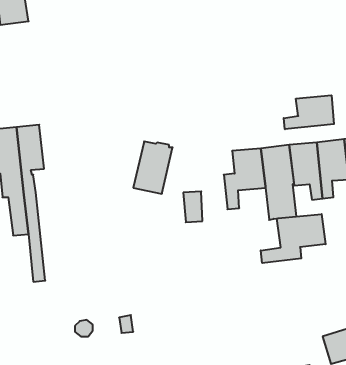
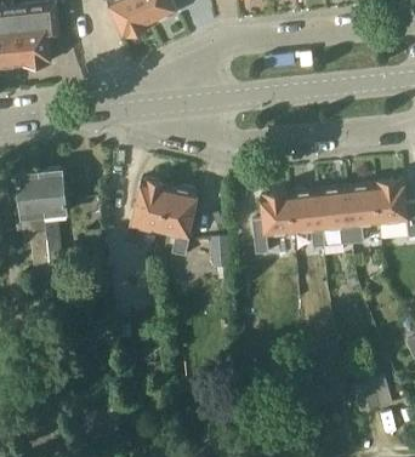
building: [284,95,334,129] -> none
building: none -> [126,178,170,246]
building: [261,214,326,263] -> none

